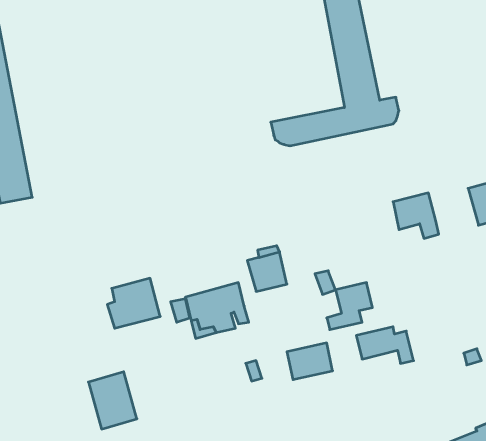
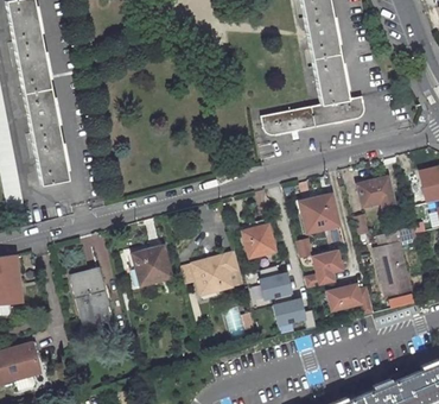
building: none -> [301,195,339,231]
building: none -> [376,226,418,296]
building: none -> [263,267,297,301]
building: [88,372,137,429] -> [72,273,112,320]

